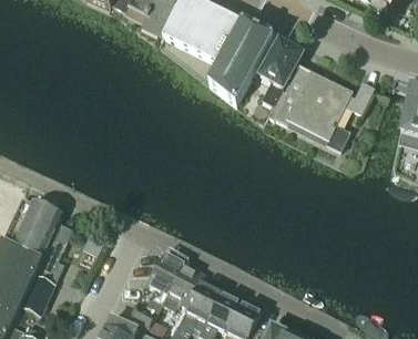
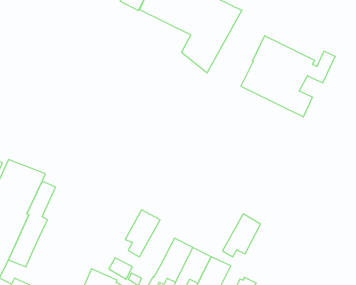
building: [259,37,303,104] -> none
building: [163,261,204,308] -> [223,214,260,257]

